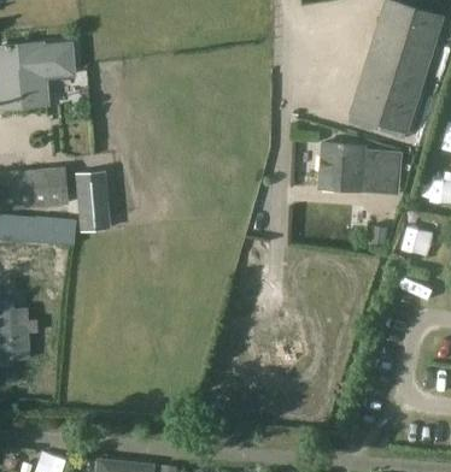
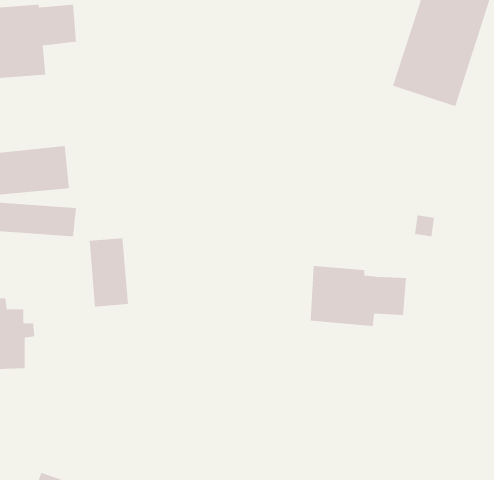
building: [318,141,403,194] -> [310,266,407,326]
building: [76,170,111,230] -> [89,238,129,307]

